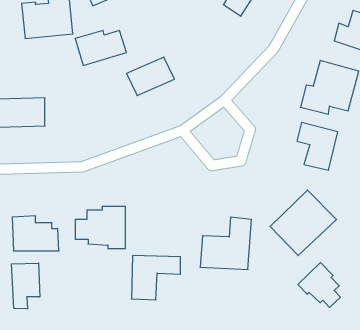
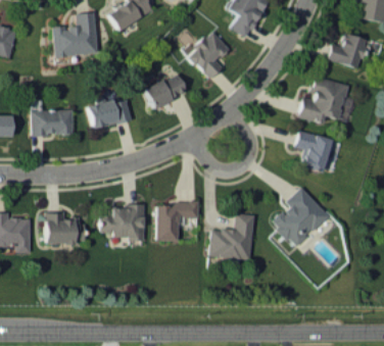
building: none -> [185,32,230,80]
building: [75,30,126,65] -> [89,99,134,130]
building: [131,256,180,300] -> [157,202,200,241]
building: [298,263,340,307] -> none
building: [12,263,40,309] -> none

